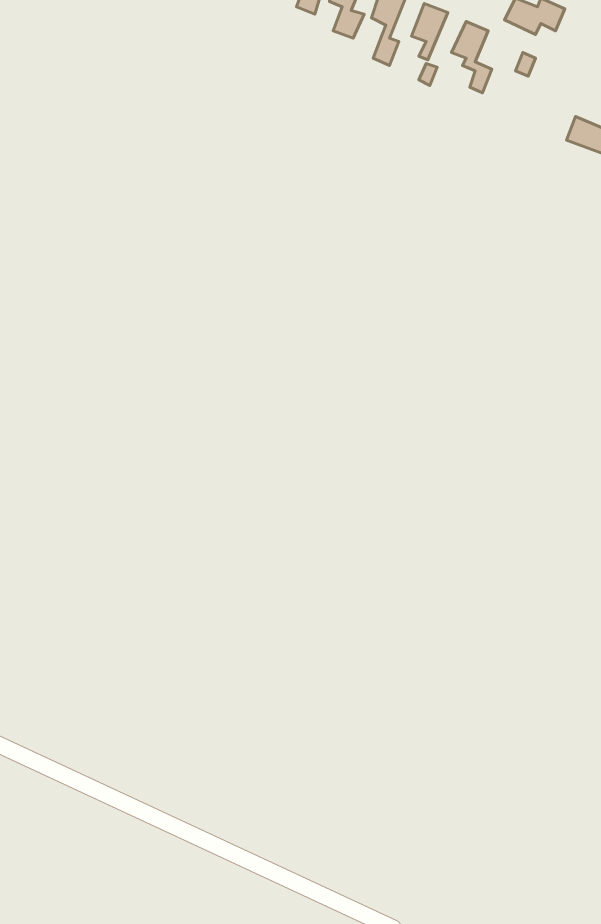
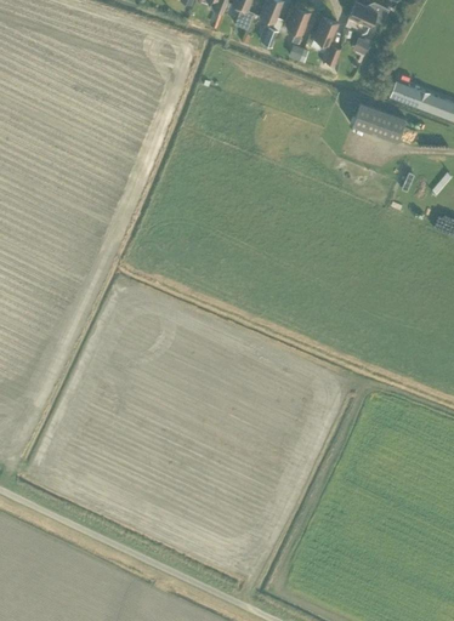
building: none -> [352,103,405,142]

